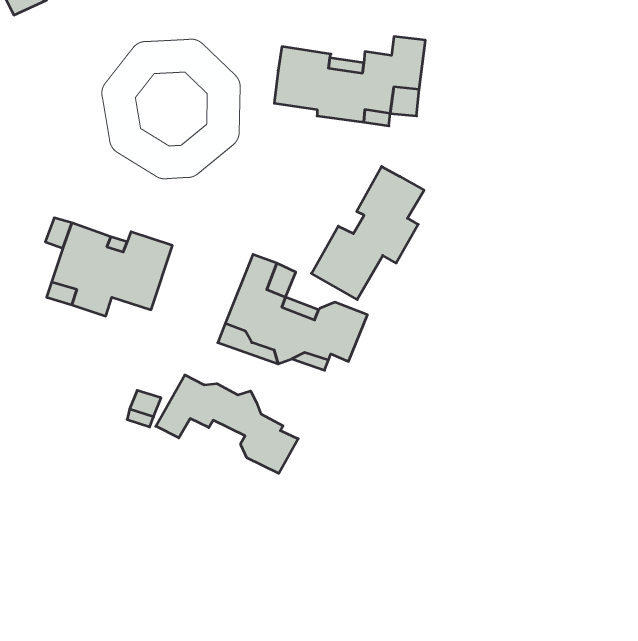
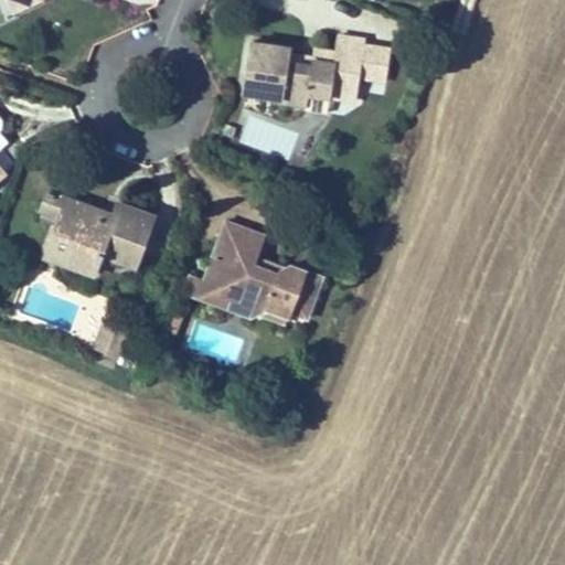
building: [311,166,424,300] -> none
building: [156,375,298,473] -> none

